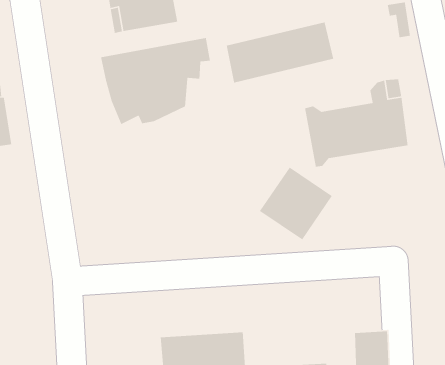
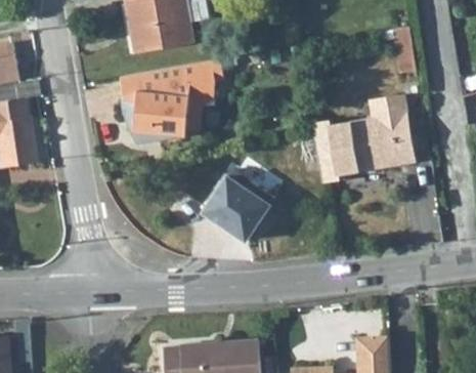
building: [226,21,334,83] -> none
building: [259,167,333,240] -> [204,171,273,241]

